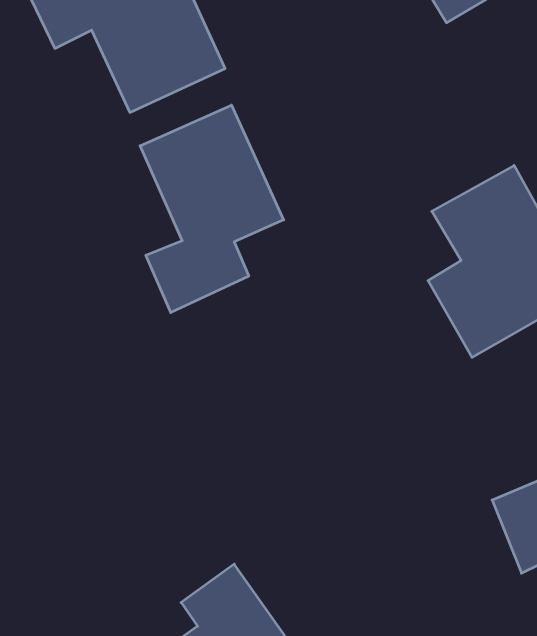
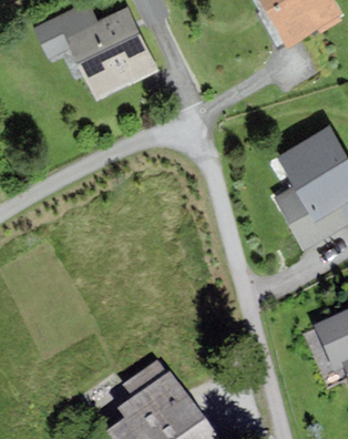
building: [140,105,284,313] -> none

